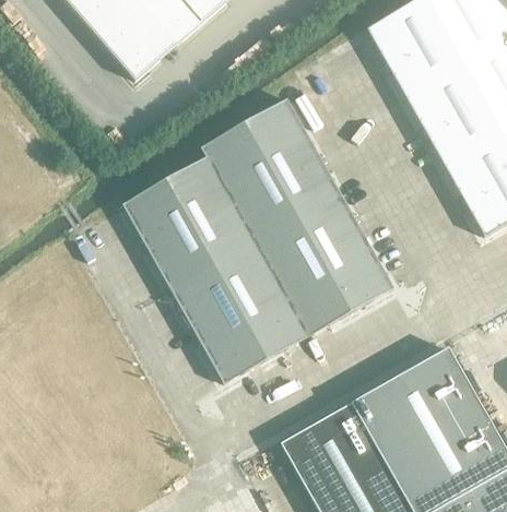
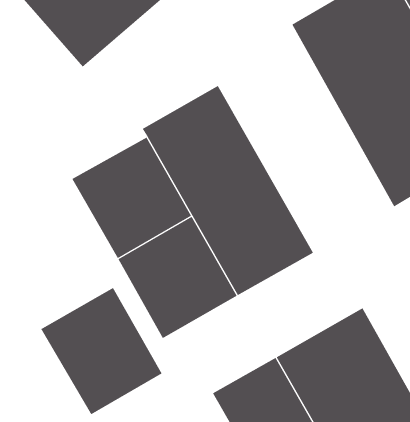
building: none -> [41,287,163,415]

